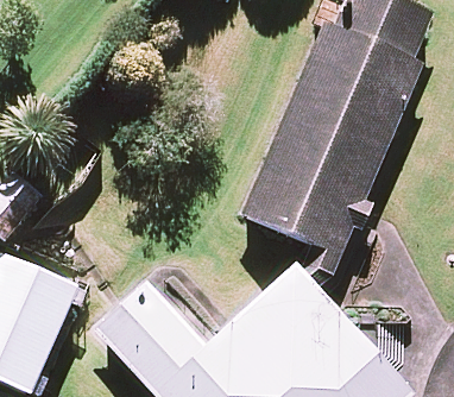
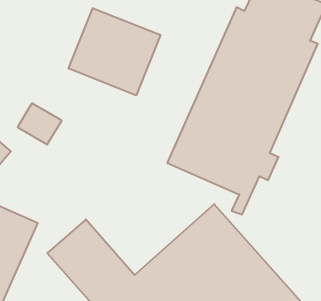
building: none -> [69,8,160,95]

